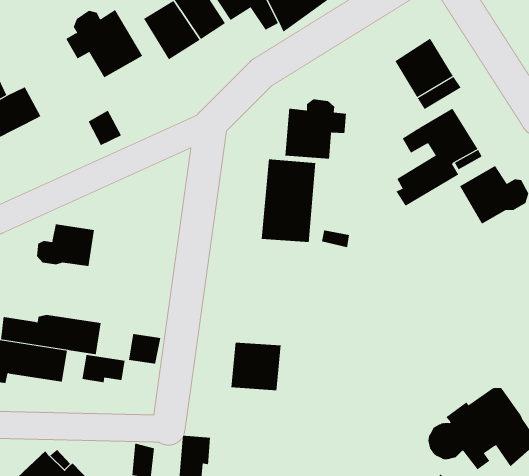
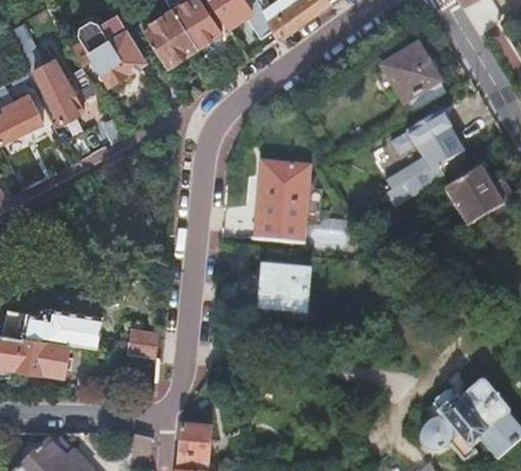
building: none -> [14,36,86,120]
building: [285,99,346,159] -> none
building: [36,223,94,267] -> none
building: [230,342,281,391] -> [260,263,309,310]
building: [82,354,125,383] -> none

